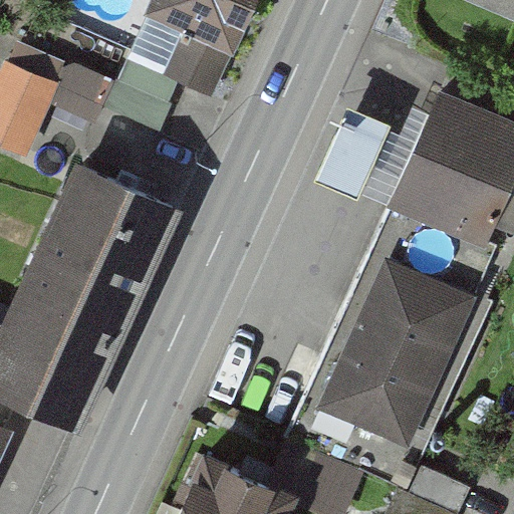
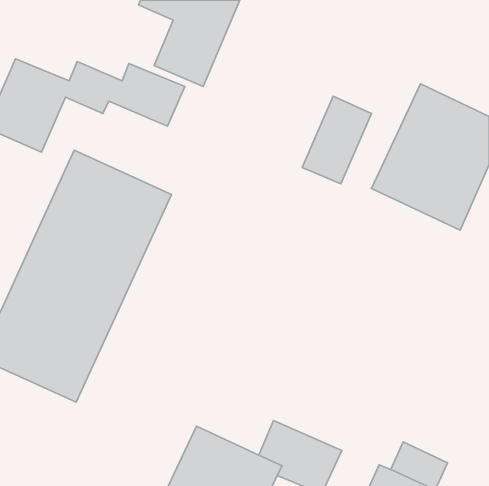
building: [316,254,474,445] -> none

